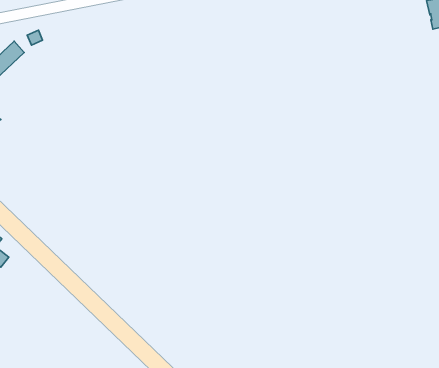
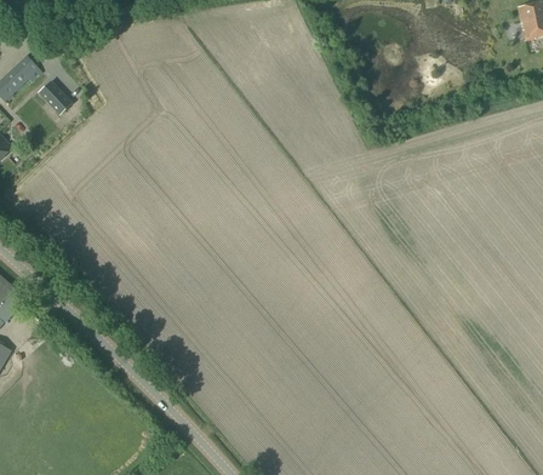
building: none -> [38,80,72,114]

